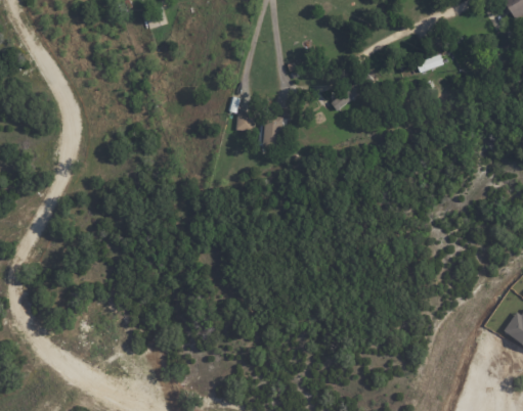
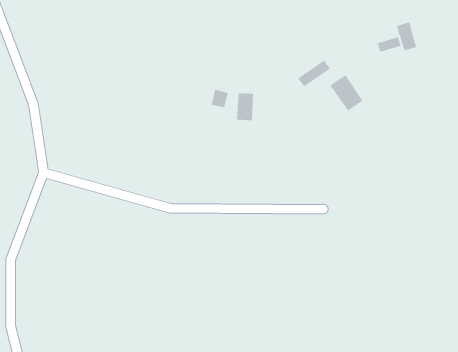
building: none -> [396,22,417,51]
building: none -> [329,74,363,111]

